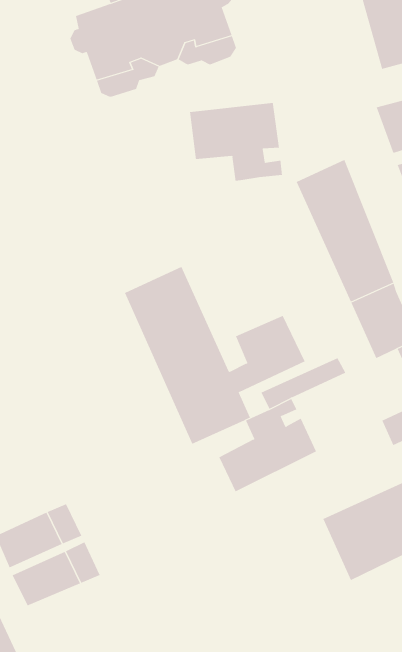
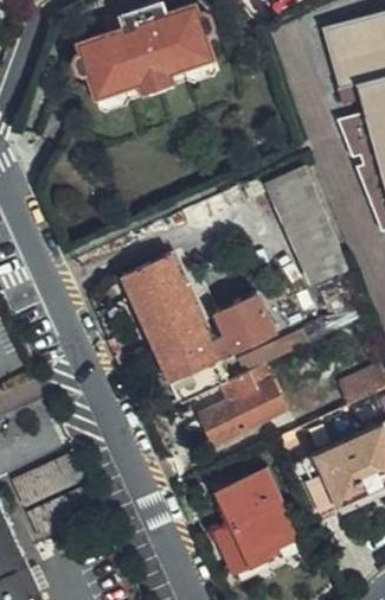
building: [190,102,282,181] -> none
building: none -> [216,470,296,574]

